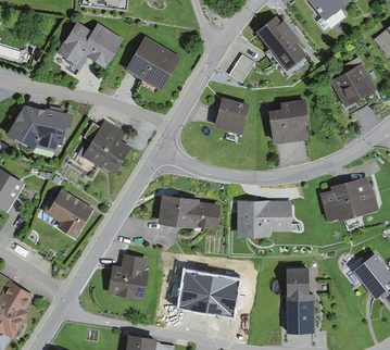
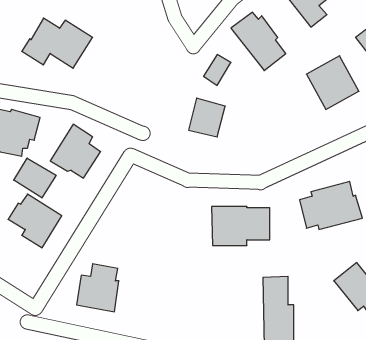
building: [126,36,183,91] -> none
building: [269,99,310,142] -> none
building: none -> [14,158,56,198]
building: [159,195,222,230] -> none
building: [178,272,240,320] -> none

